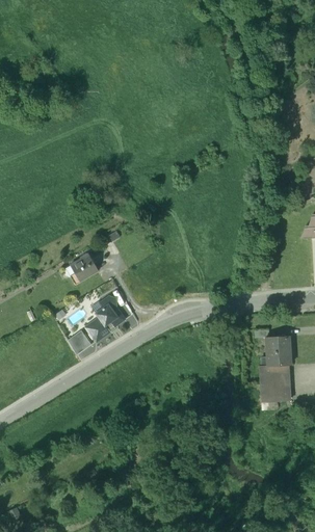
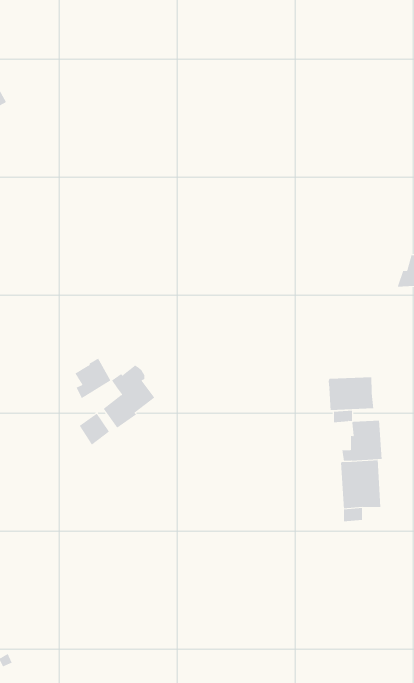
building: [71,254,98,284] -> [75,358,111,399]
building: none -> [328,376,374,411]

